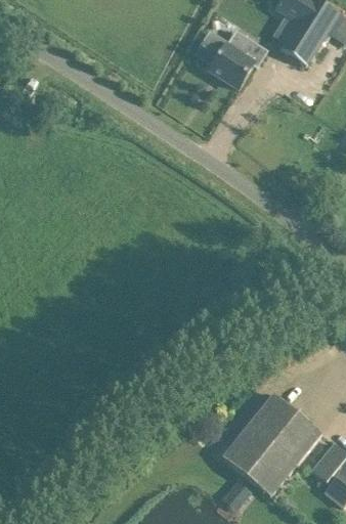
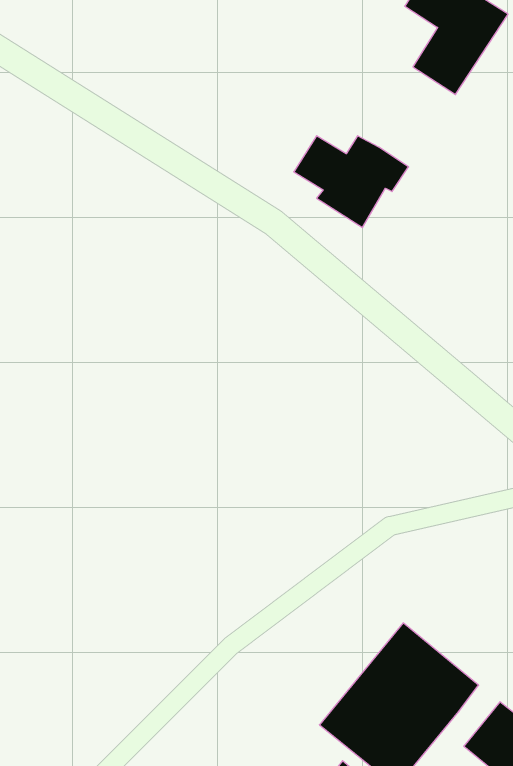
building: [196,33,267,90] -> [294,136,409,228]

